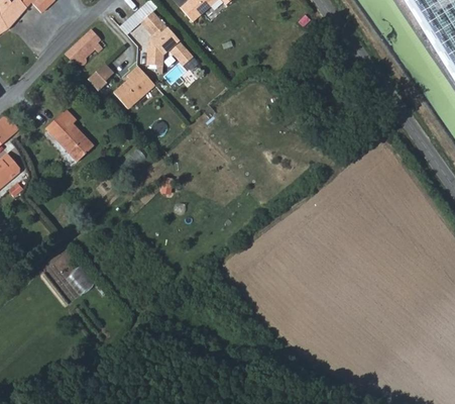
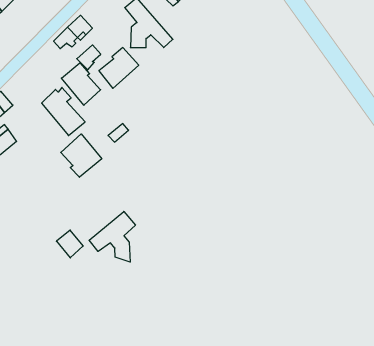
building: none -> [61,63,101,105]
building: none -> [61,134,102,177]
building: none -> [89,211,135,262]

